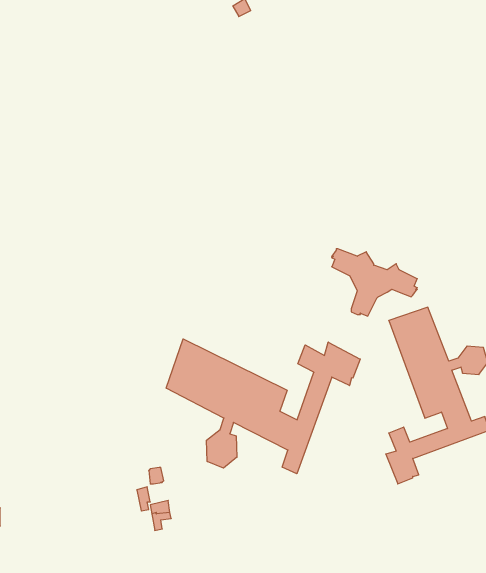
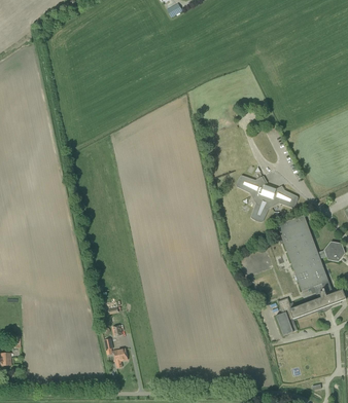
building: [166,339,360,474] -> none

